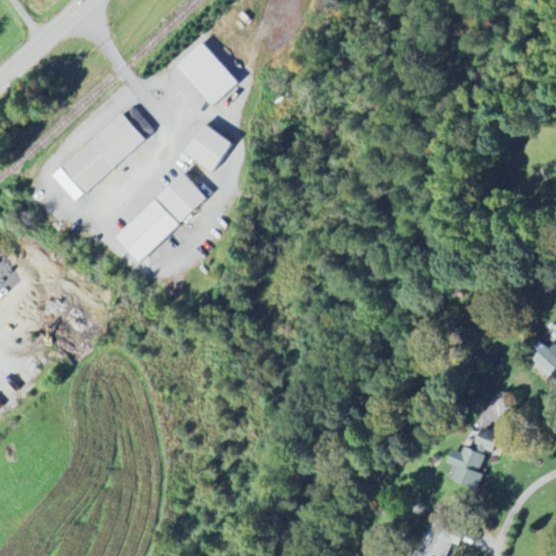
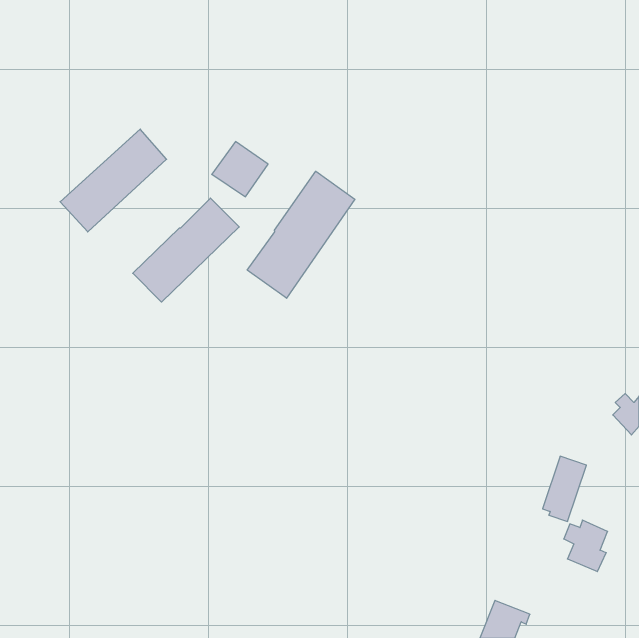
building: [176,42,238,104] -> none
building: none -> [247,171,355,298]
building: [447,445,485,490] -> [564,520,608,572]

